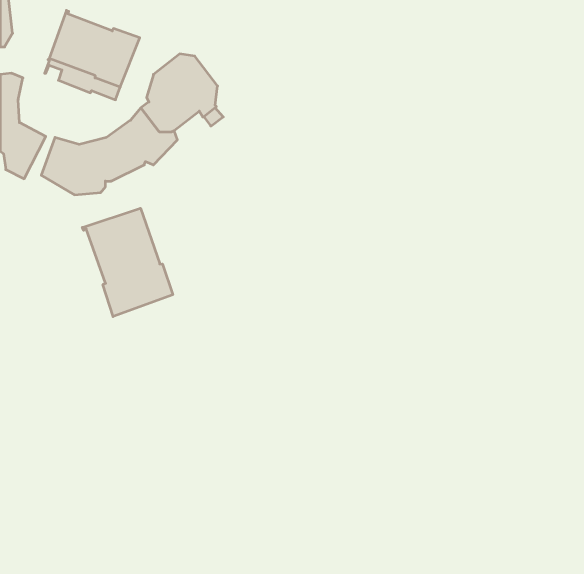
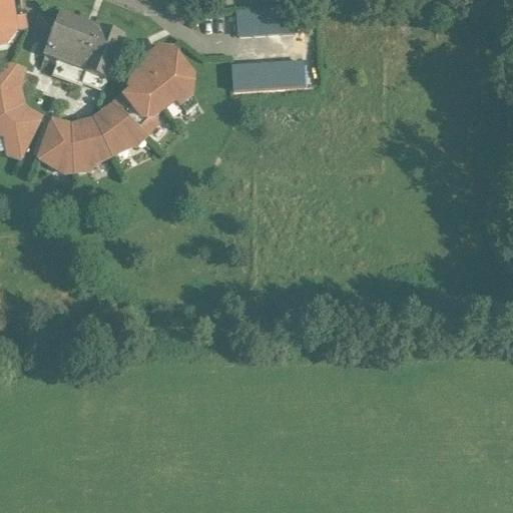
building: none -> [236,8,296,34]
building: none -> [231,60,304,89]
building: [82,208,173,317] -> none

